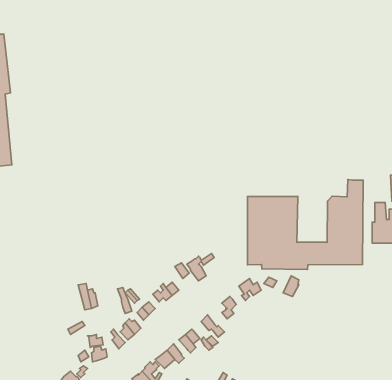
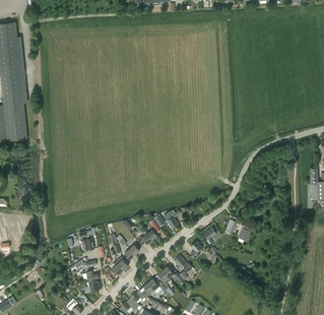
building: [247,180,363,269] -> none

